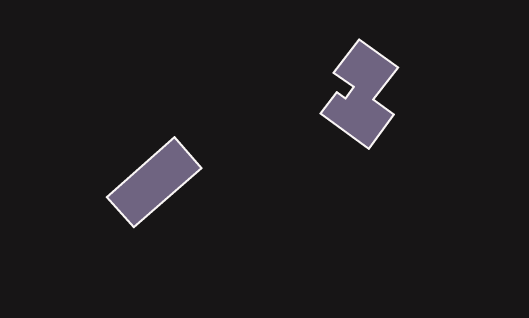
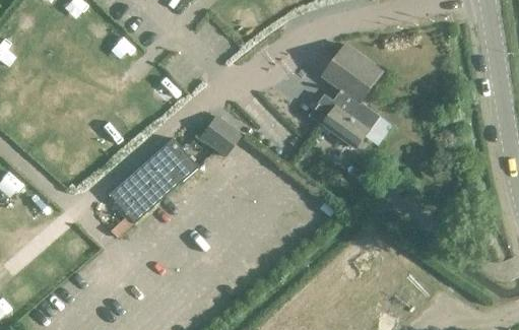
building: none -> [199,116,241,157]

